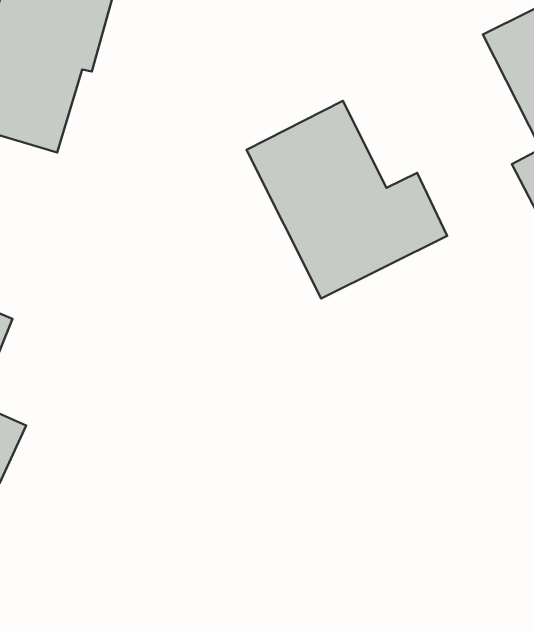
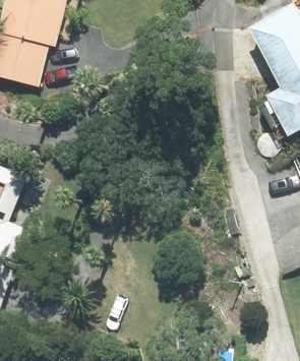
building: [246,101,447,298] -> none

